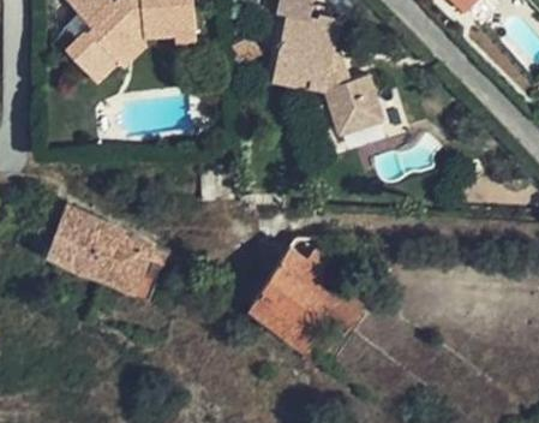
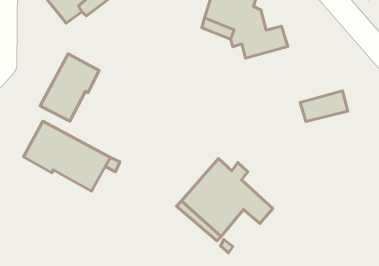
building: [323,95,384,137] -> [300,91,348,122]
building: none -> [40,54,99,121]

